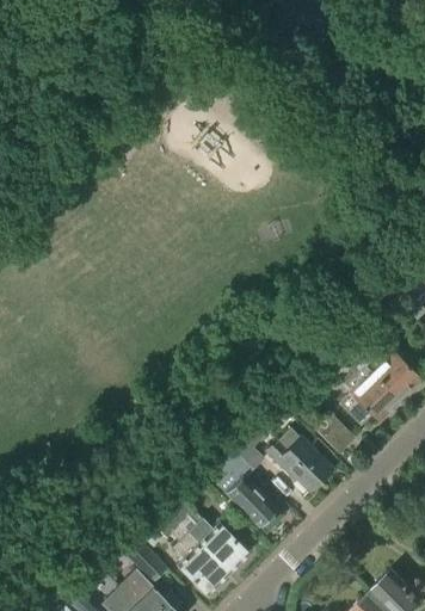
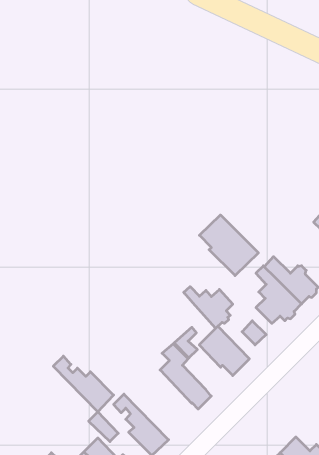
building: none -> [199,215,258,276]
building: none -> [184,287,233,328]
building: [171,501,248,573] -> [53,356,114,412]

